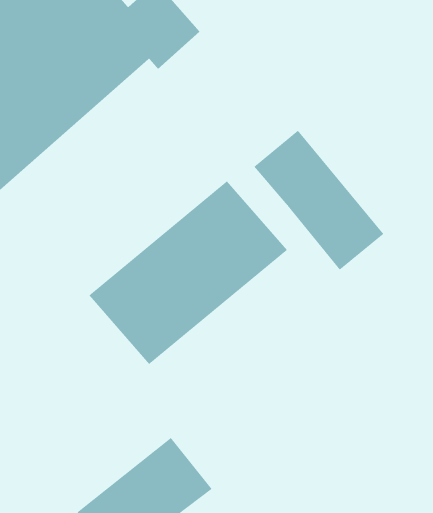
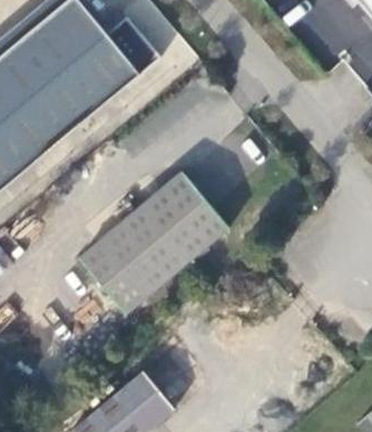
building: [253,130,384,271] -> none

